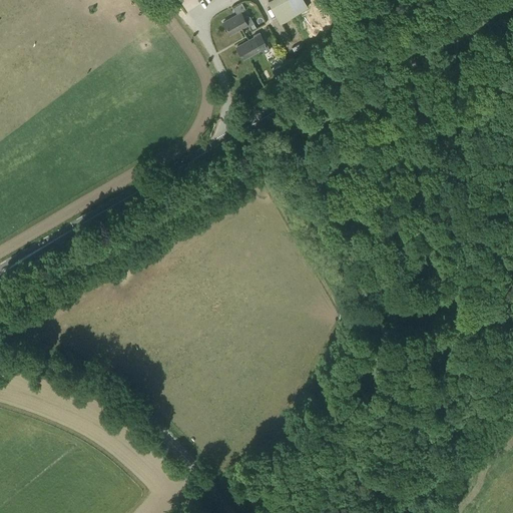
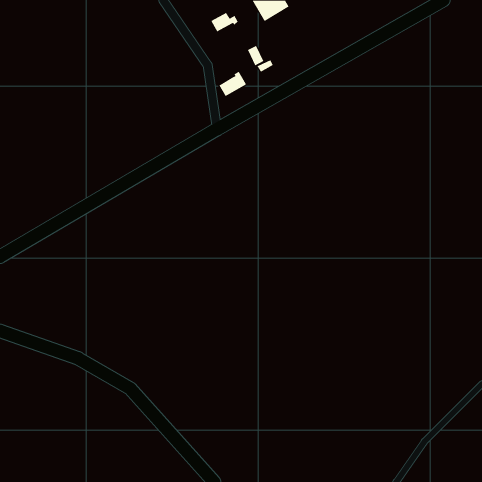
building: [236,32,267,59] -> [219,71,247,97]

